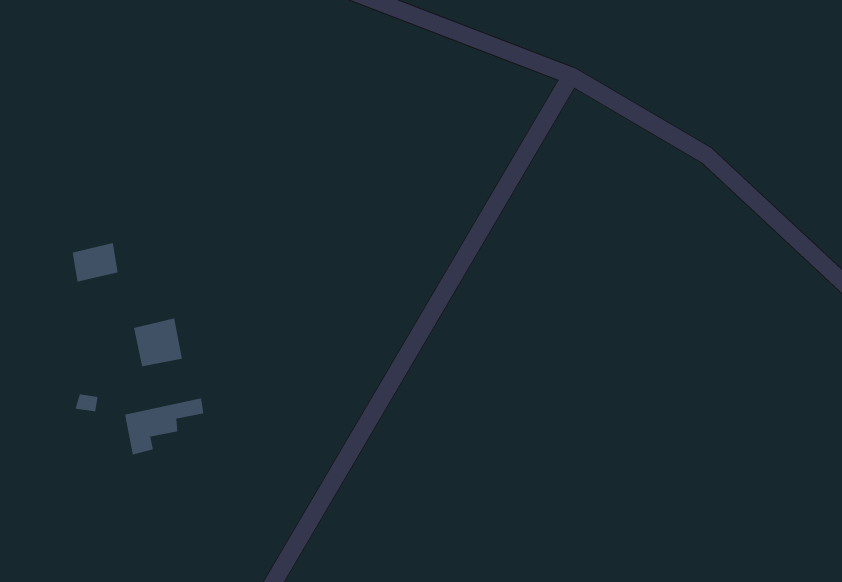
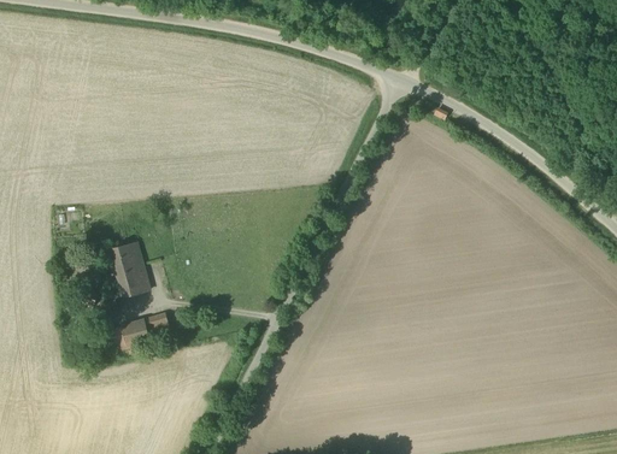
building: [72,242,119,283] -> [110,242,142,271]

